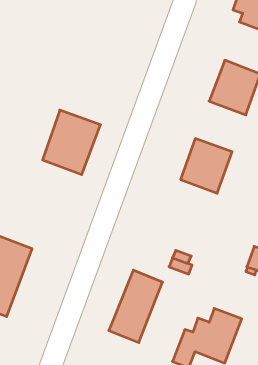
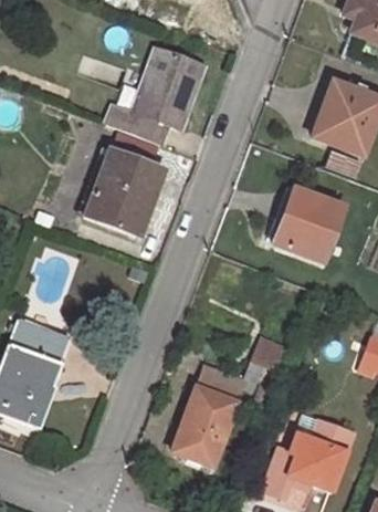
building: none -> [106,50,202,145]

